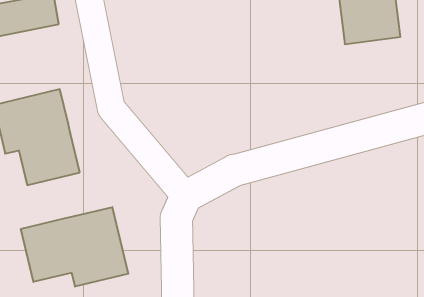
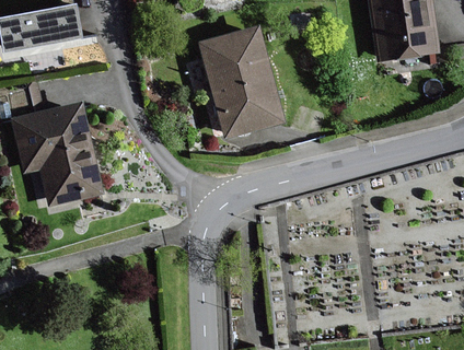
building: none -> [200,27,281,133]
building: [21,207,128,287] -> none

